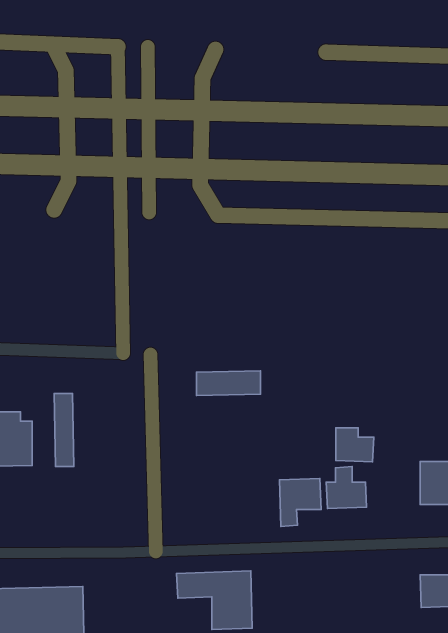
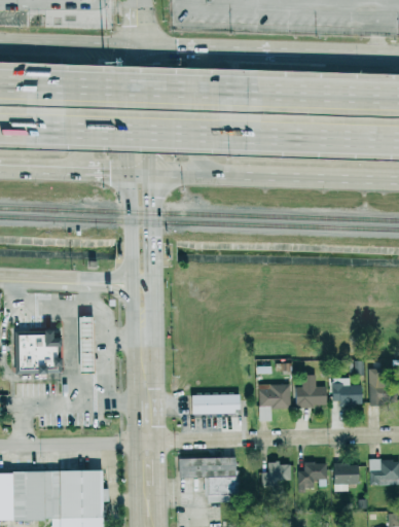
building: [197,371,260,395] -> [190,394,241,414]
building: [336,428,374,462] -> [332,379,362,406]
building: none -> [262,461,290,482]
building: none -> [298,463,327,492]
building: none -> [333,464,358,492]

